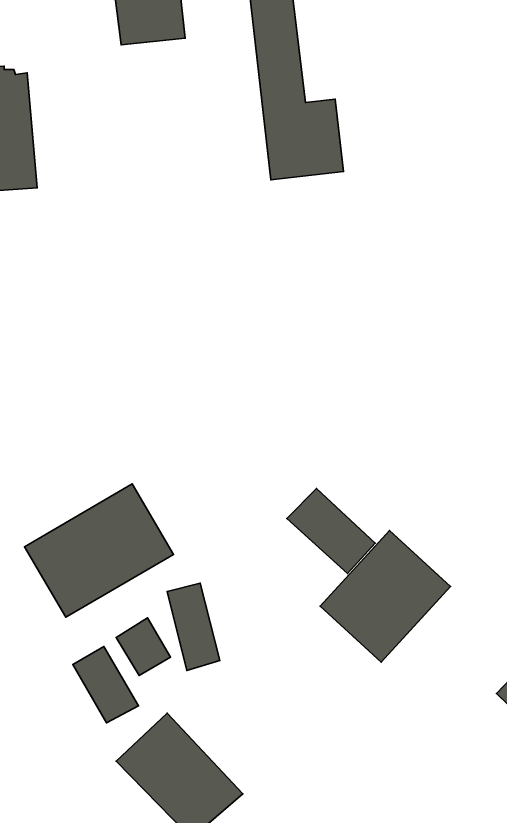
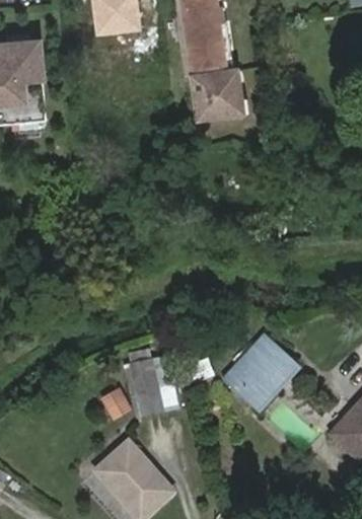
building: [24,484,173,617] -> none
building: [287,489,375,574] -> none
building: [73,646,138,723] -> none

